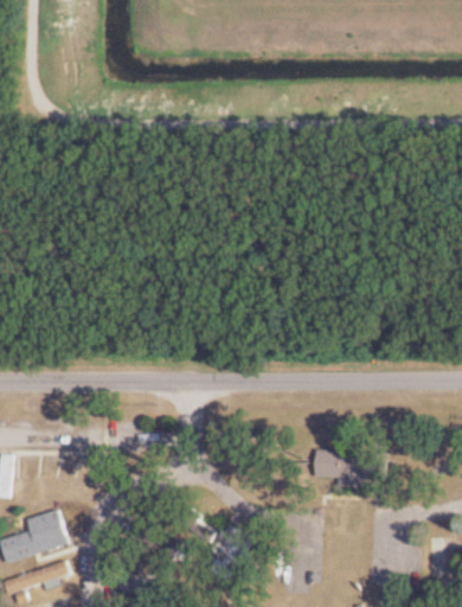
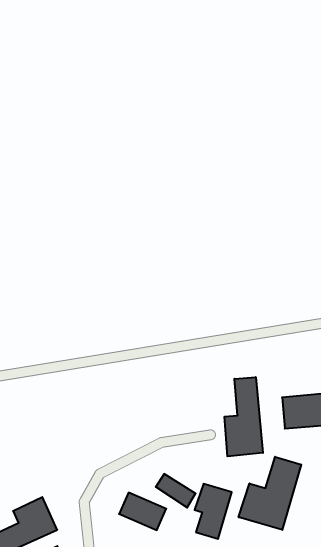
building: none -> [225,377,263,456]
building: none -> [239,457,301,530]

